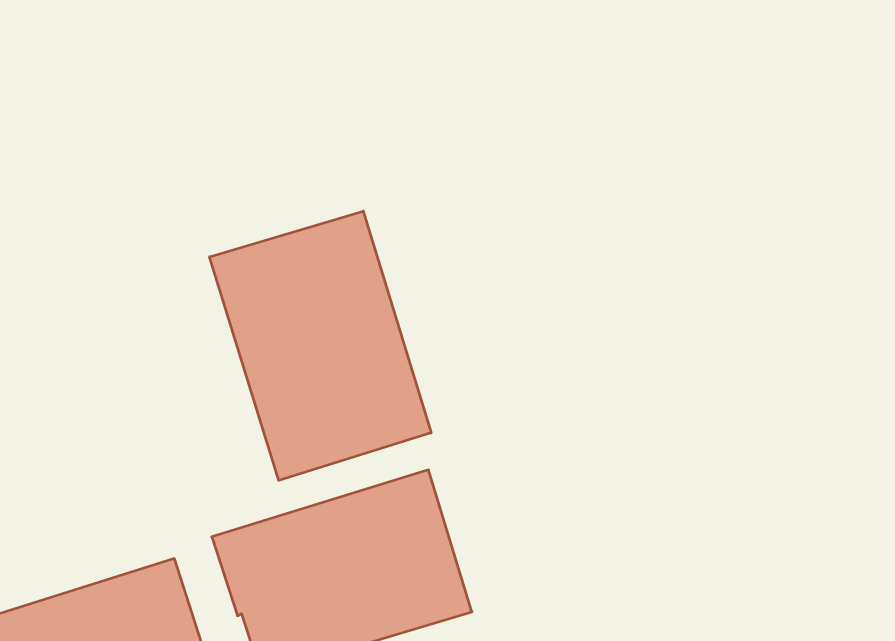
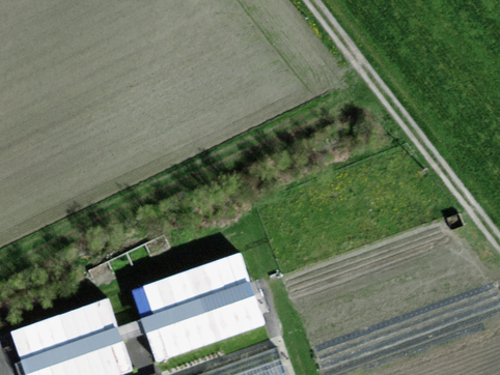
building: [210,211,431,480] -> none

